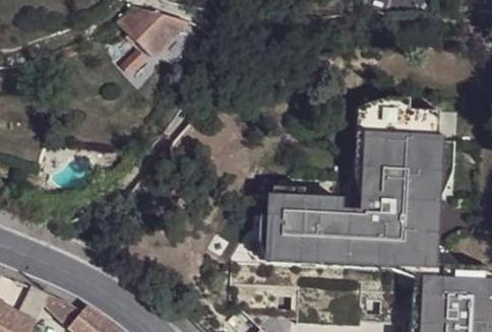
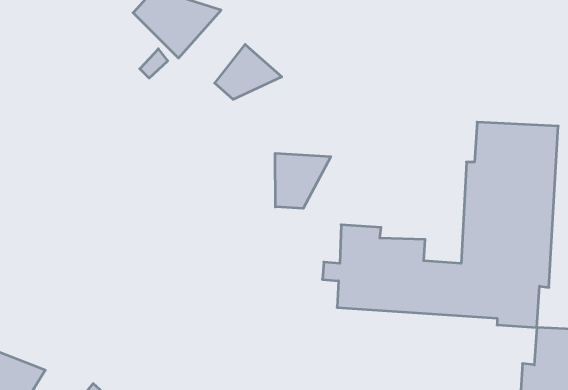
building: none -> [215,44,282,99]
building: none -> [275,153,331,208]

